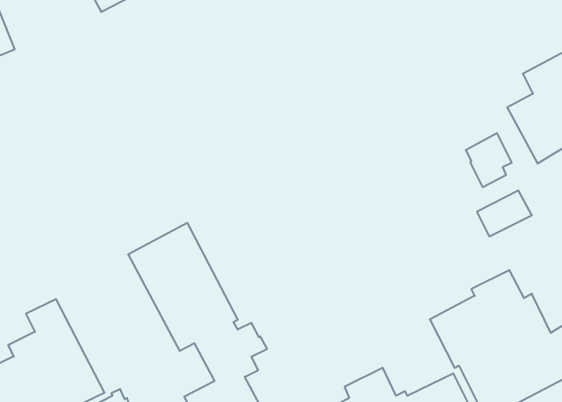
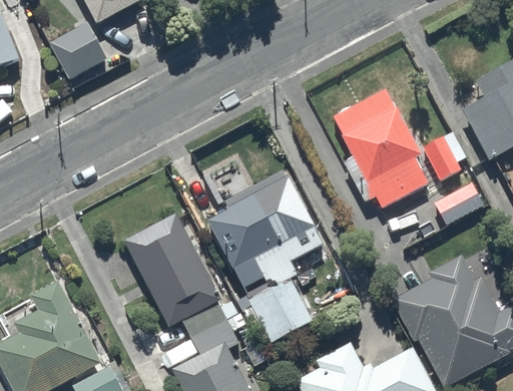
building: none -> [50,22,108,79]
building: none -> [334,88,429,210]
building: none -> [222,169,324,343]

